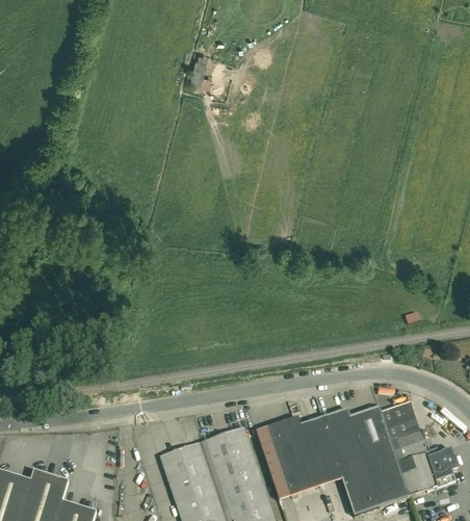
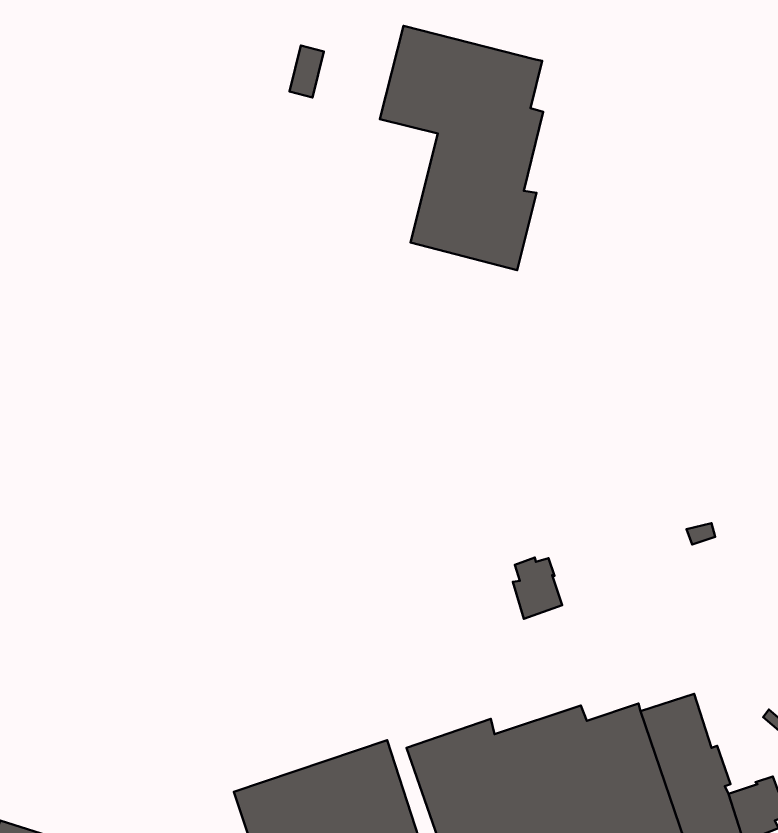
building: none -> [380,26,543,270]
building: none -> [513,557,562,619]

